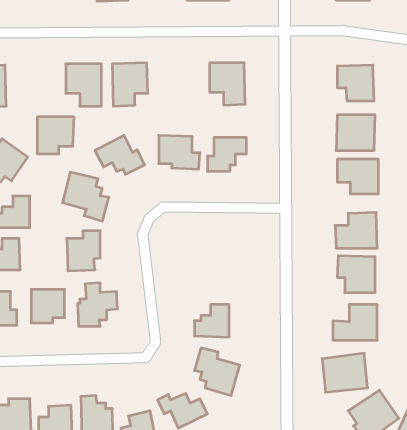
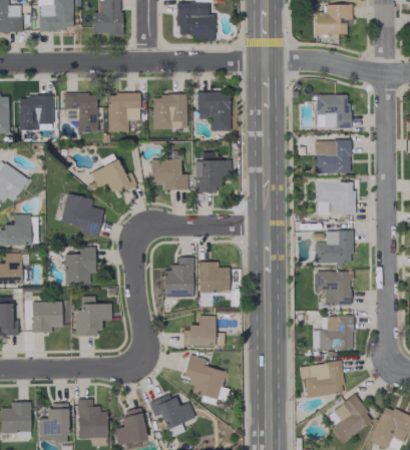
building: none -> [152,95,186,128]
building: [37,117,74,154] -> [19,96,53,130]
building: none -> [164,259,193,298]
building: none -> [198,263,230,294]

